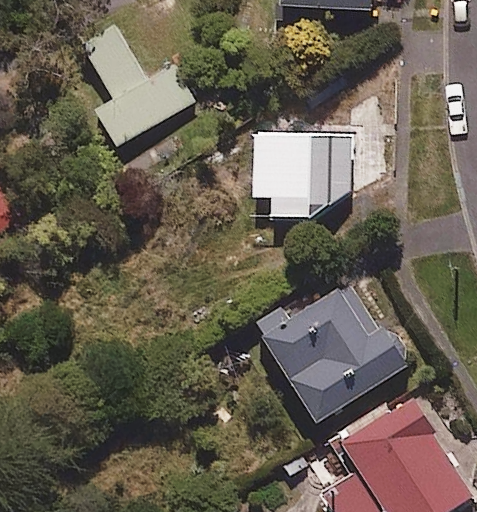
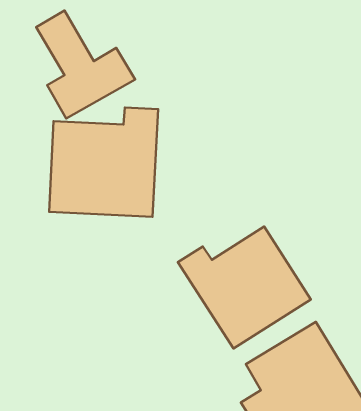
building: [249,130,360,218] -> none
building: none -> [49,108,158,217]

